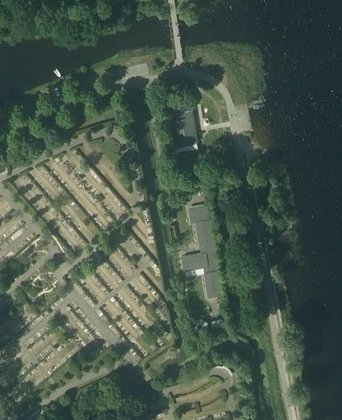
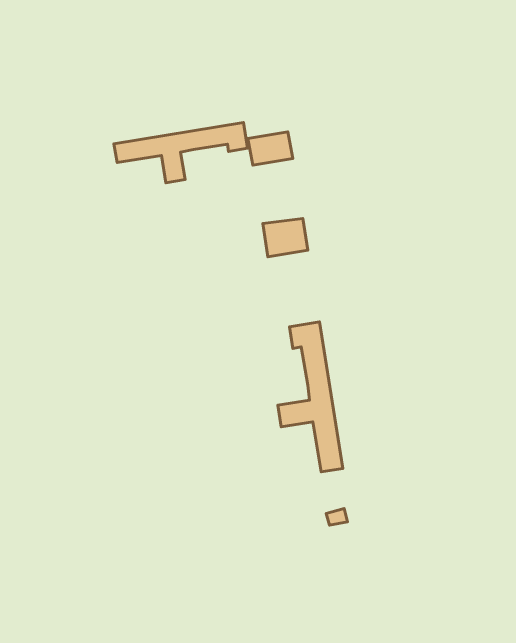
building: none -> [114,122,247,183]
building: [171,111,196,144] -> none

